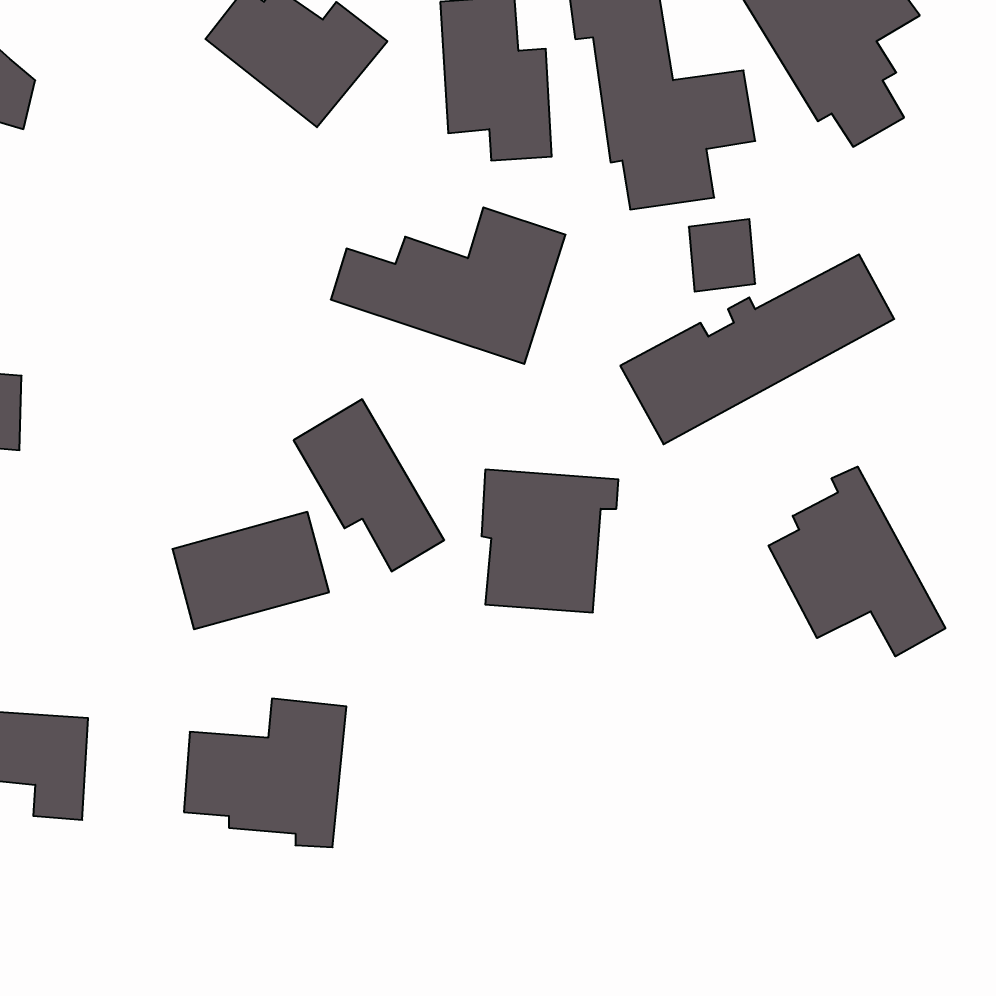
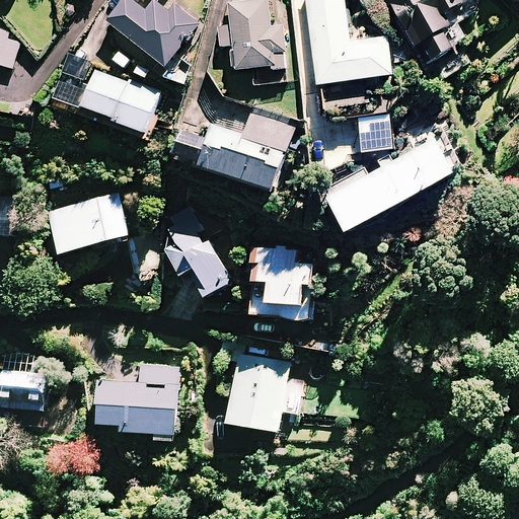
building: none -> [52,68,158,131]
building: [769,467,945,656] -> none
building: [172,512,329,629] -> [47,192,128,252]
building: none -> [219,343,299,430]

